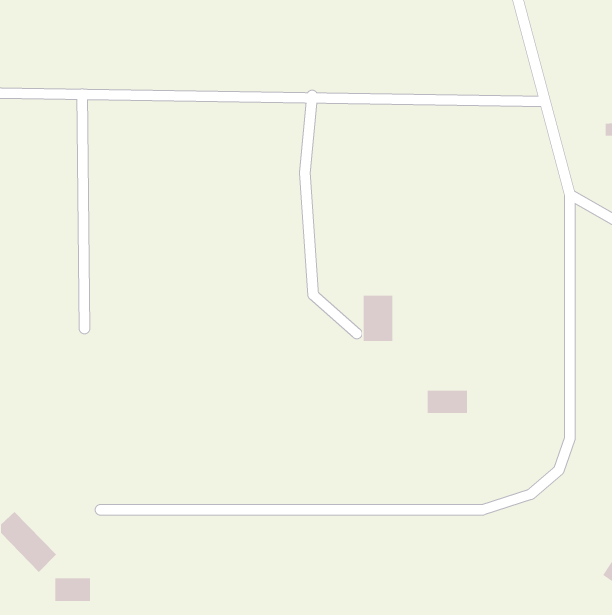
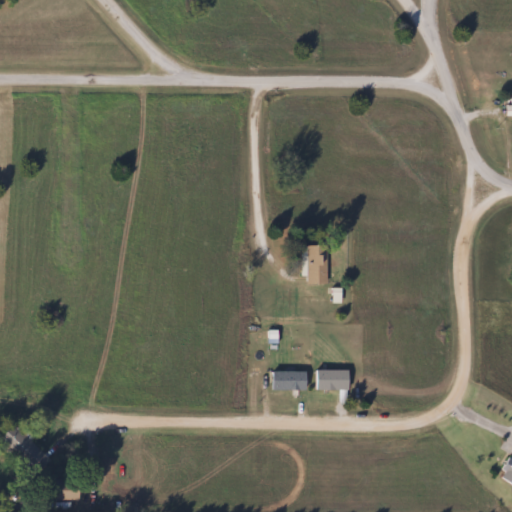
building: [427,390,468,414] -> [316,369,350,389]
building: none -> [272,371,307,389]

